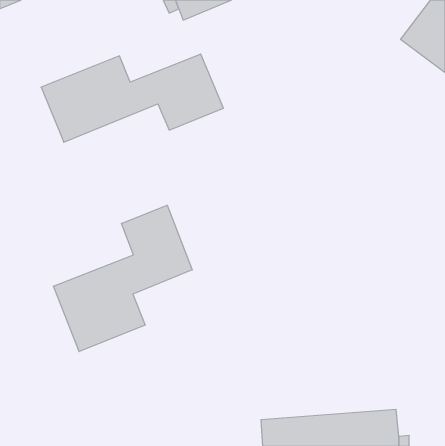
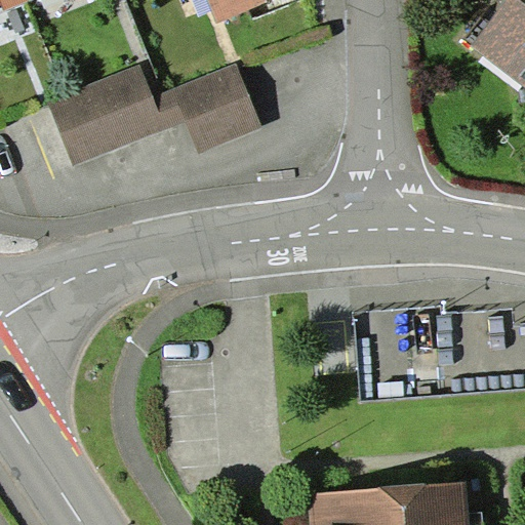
building: [53,205,192,352] -> none

